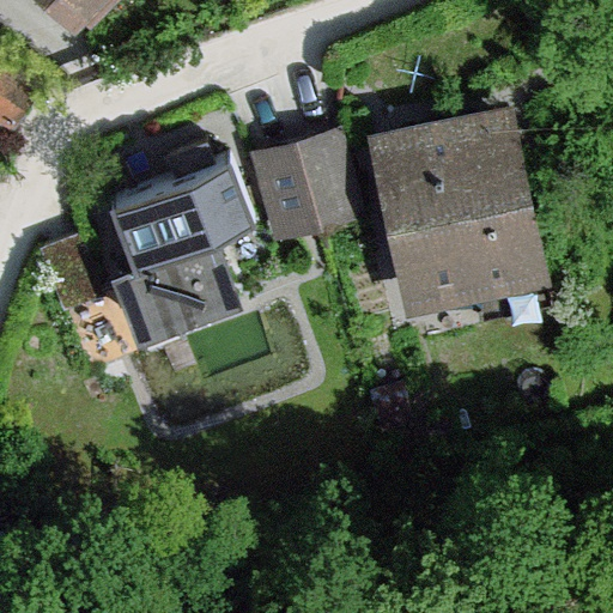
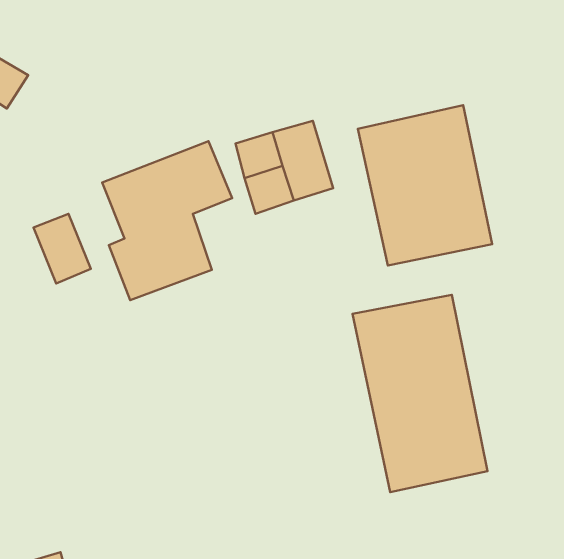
building: none -> [353,295,487,492]

